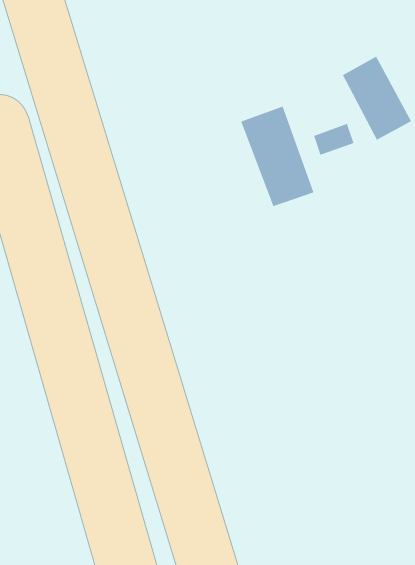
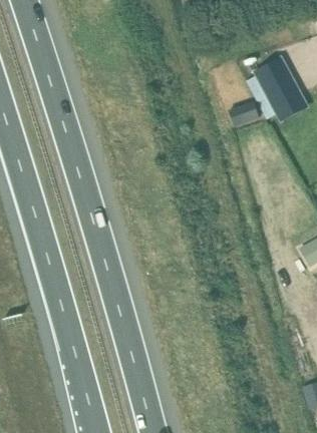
building: [240,105,315,207] -> none

